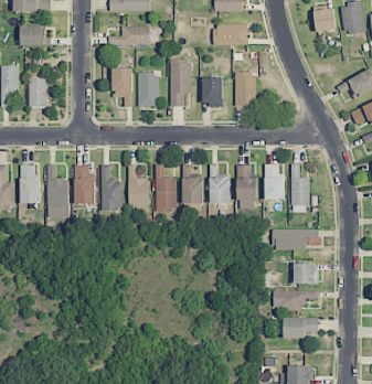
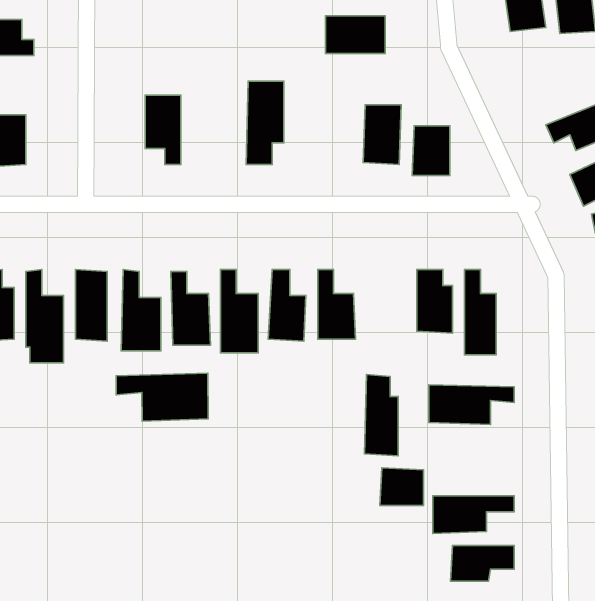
building: [109,26,150,45] -> none
building: [138,73,159,106] -> none
building: [202,77,223,105] -> [412,126,450,175]
building: [237,164,256,210] -> [364,375,398,456]
building: none -> [116,373,208,421]
building: [294,263,318,284] -> [380,468,424,506]

